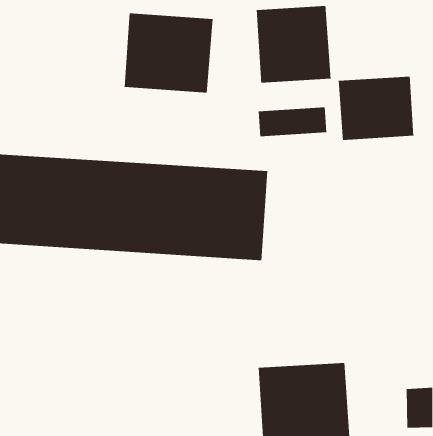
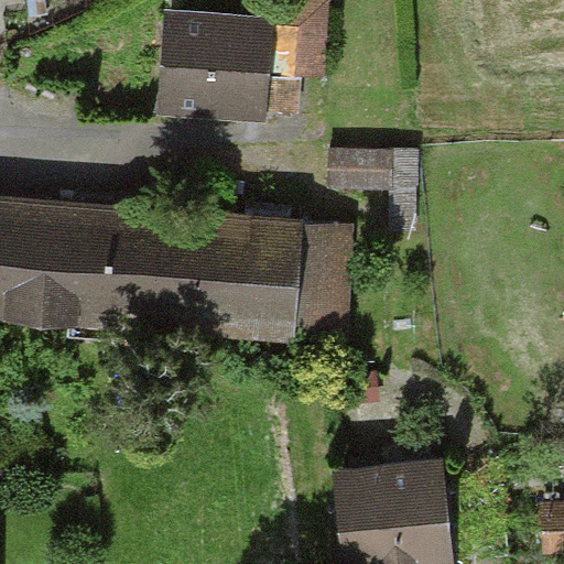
building: [256,5,331,84] -> none
building: [338,76,414,141] -> none

